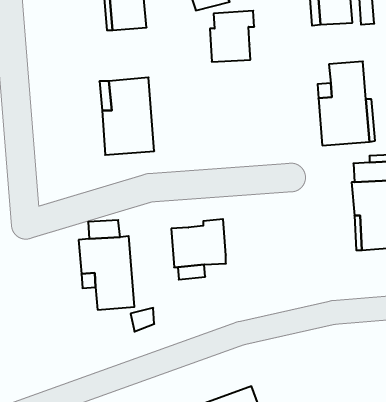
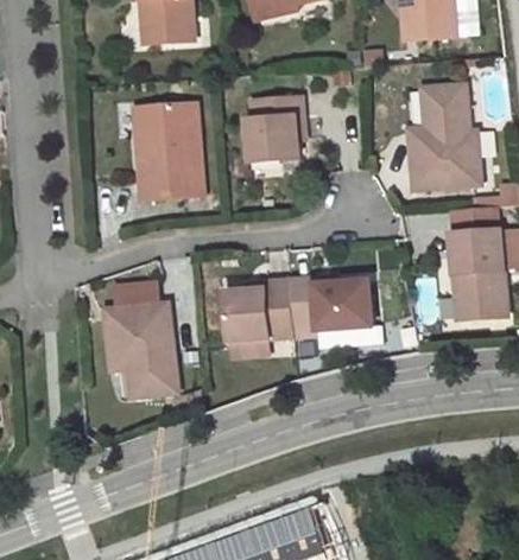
building: [210,11,254,62] -> [247,97,303,161]
building: none -> [289,278,371,329]

